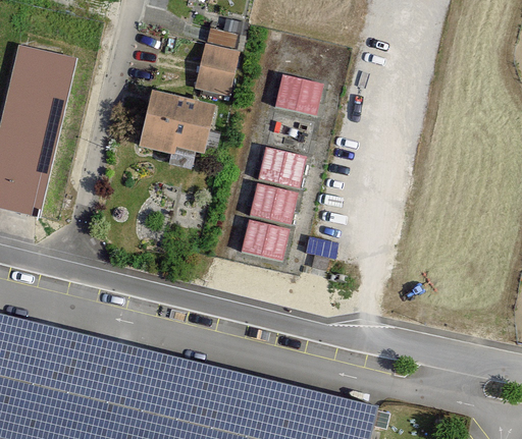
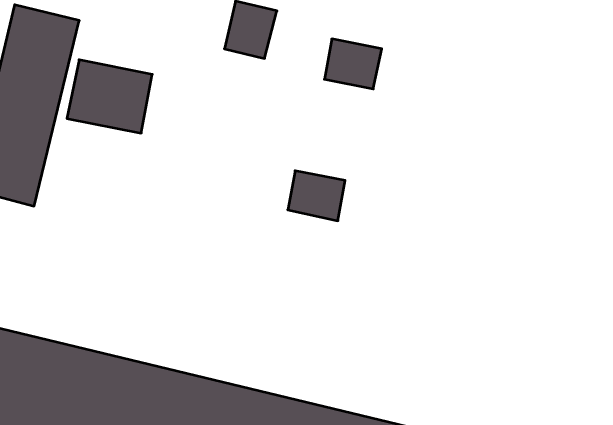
building: [140,94,211,155] -> [67,60,152,133]
building: [255,148,303,188] -> none
building: [239,219,288,261] -> none

